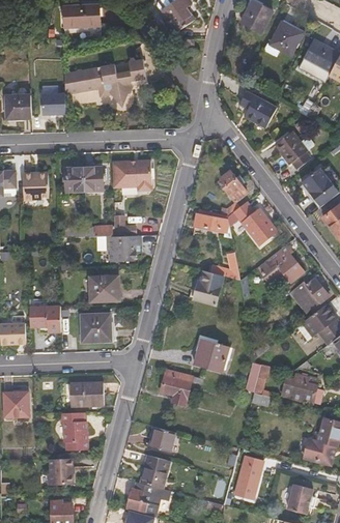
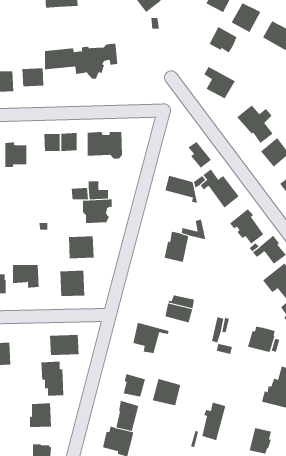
building: none -> [209,26,237,53]
building: none -> [152,378,181,406]

